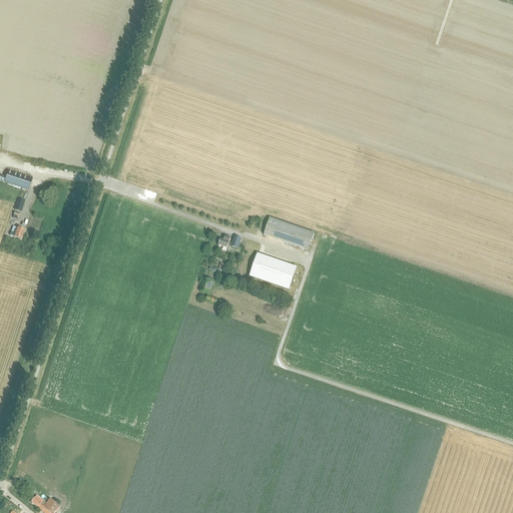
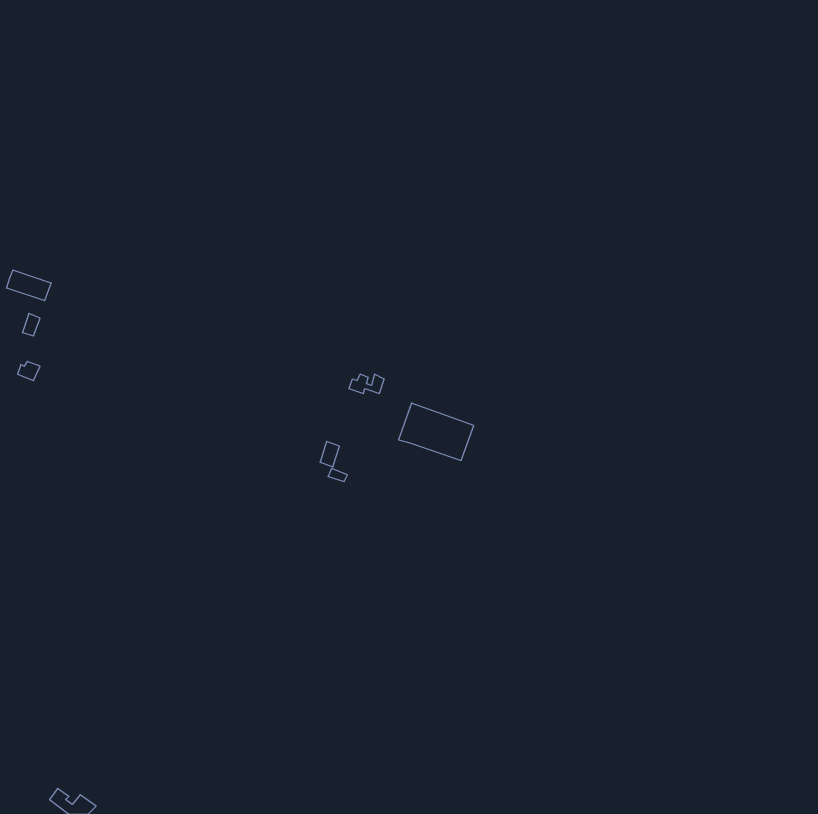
building: [264,216,314,248] -> none

